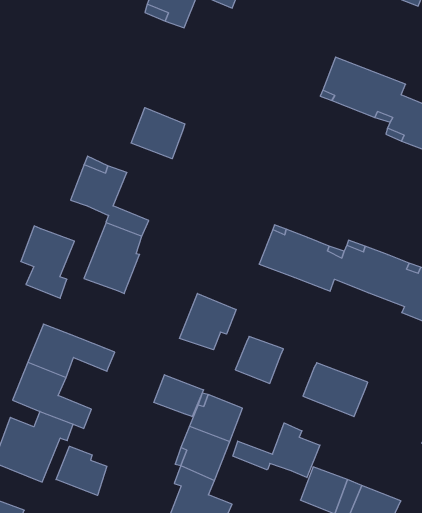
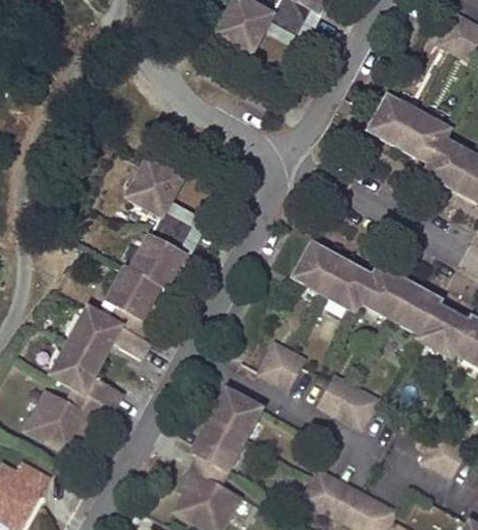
building: [131,108,185,159] -> none
building: [21,226,74,298] -> [108,266,159,335]
building: [180,293,236,350] -> none
building: [154,375,204,417] -> none
building: [233,423,320,478] -> none
building: [56,446,107,495] -> none

